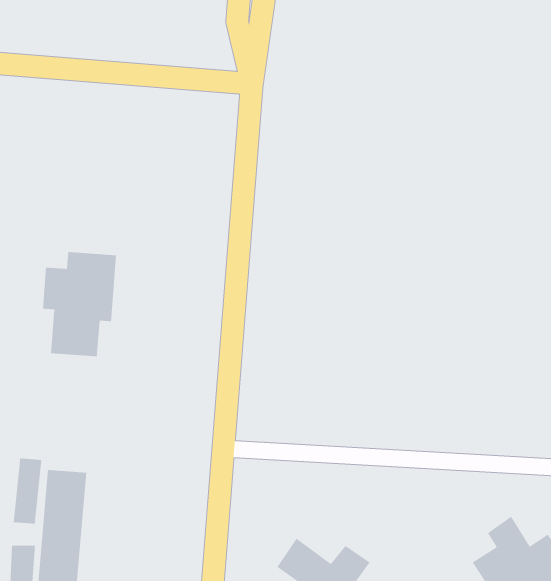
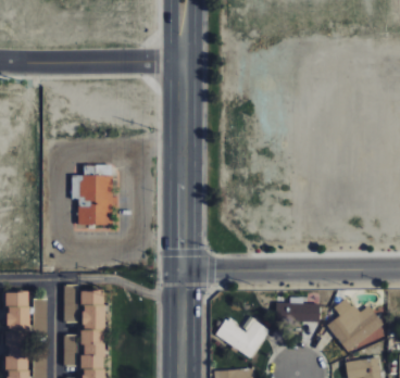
building: none -> [277,298,322,323]

